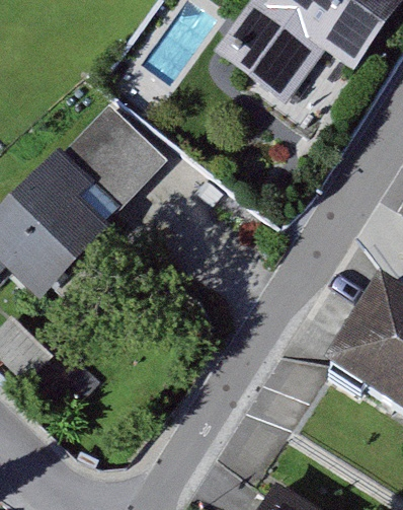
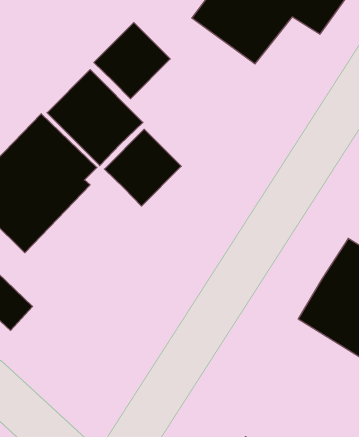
building: none -> [94,23,170,99]
building: none -> [104,129,181,206]

